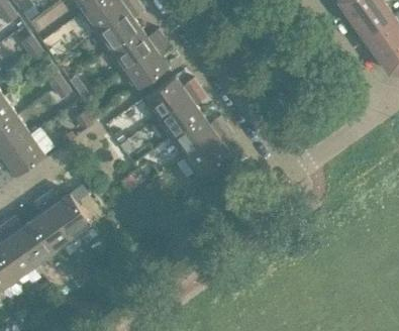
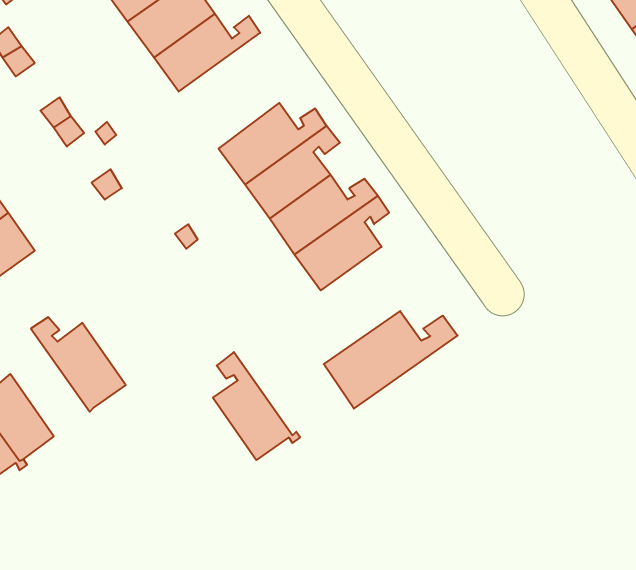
building: [122,38,173,90] -> none
building: none -> [324,311,458,409]
building: [32,196,79,253] -> [213,352,300,460]

